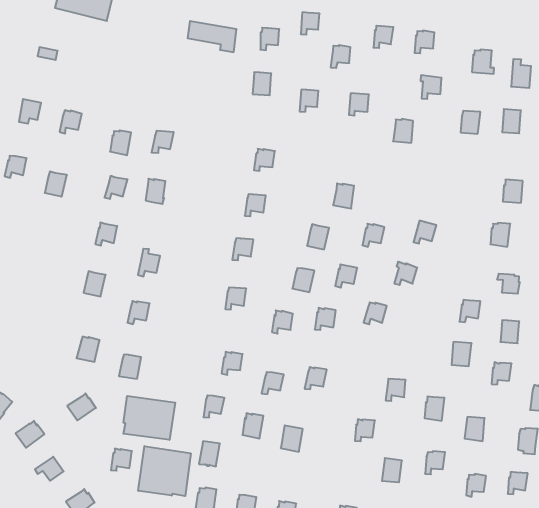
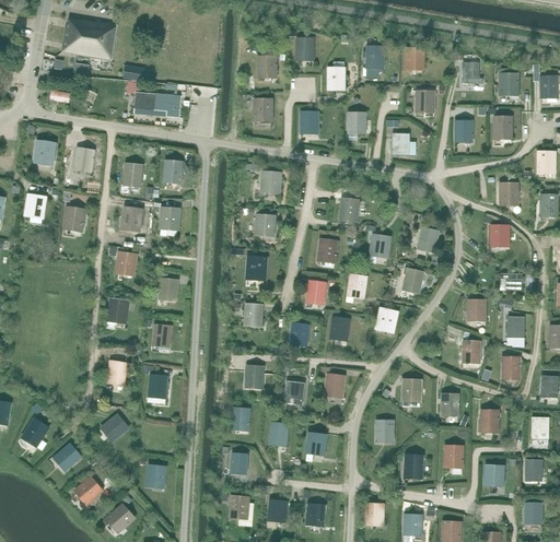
building: [188,21,237,52] -> [135,92,180,118]
building: [123,396,175,440] -> none
building: [138,446,191,496] -> none

